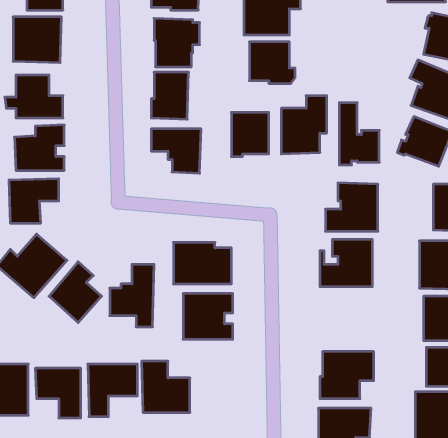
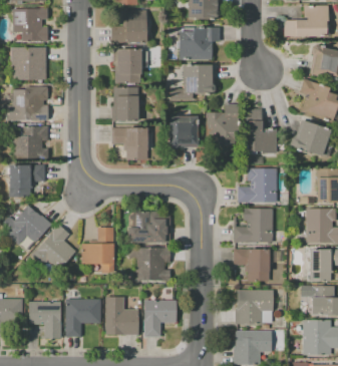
building: none -> [233,249,269,280]
building: none -> [143,300,177,337]

